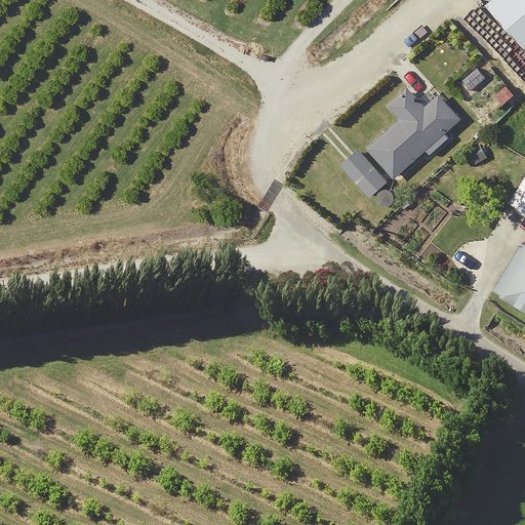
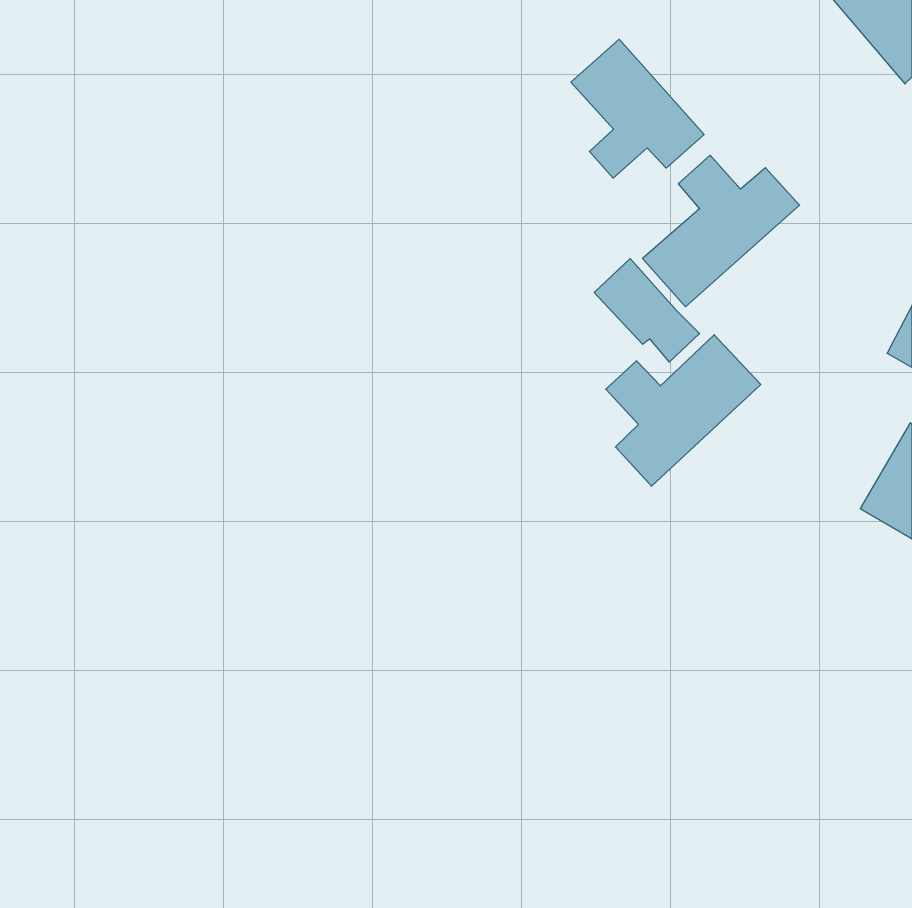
building: none -> [571,39,704,178]
building: none -> [606,335,761,486]

